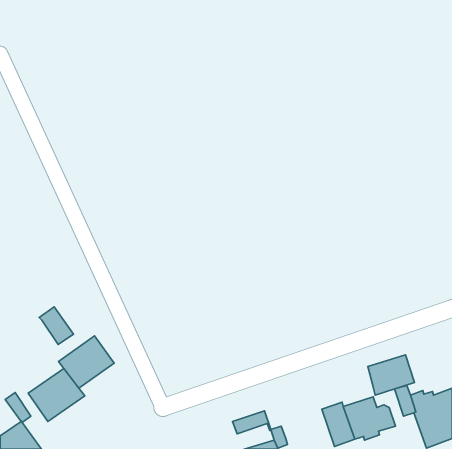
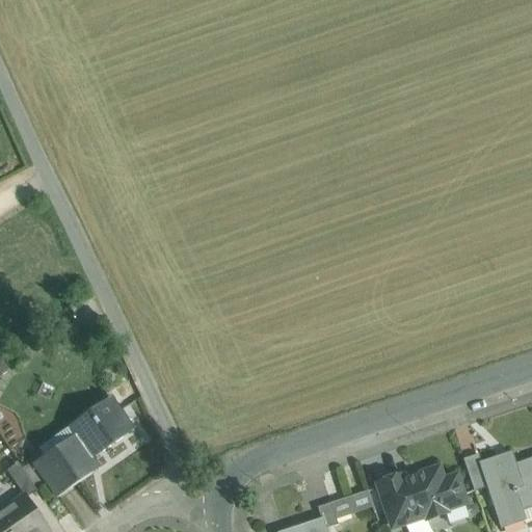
building: [39,307,73,344] -> none
building: [368,355,415,395] -> none
building: [233,411,271,434] -> [330,488,375,515]

